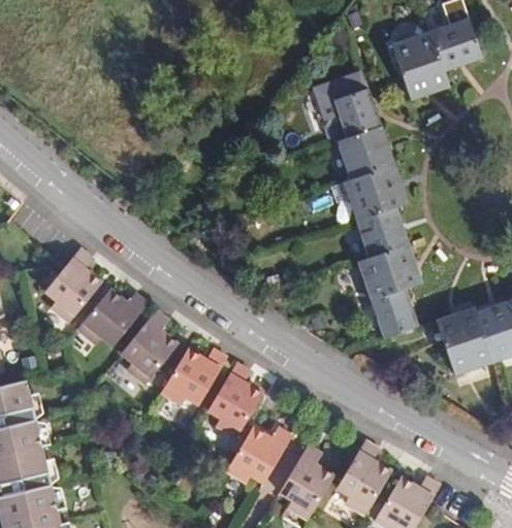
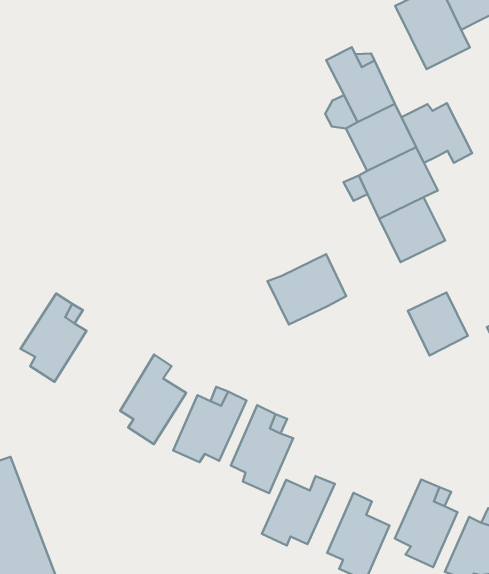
building: none -> [402,103,472,163]
building: [357,245,421,300] -> [267,254,346,325]
building: [77,290,148,346] -> none

